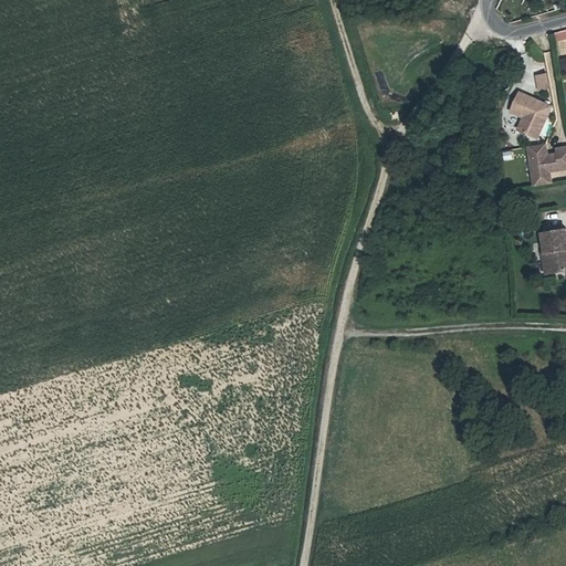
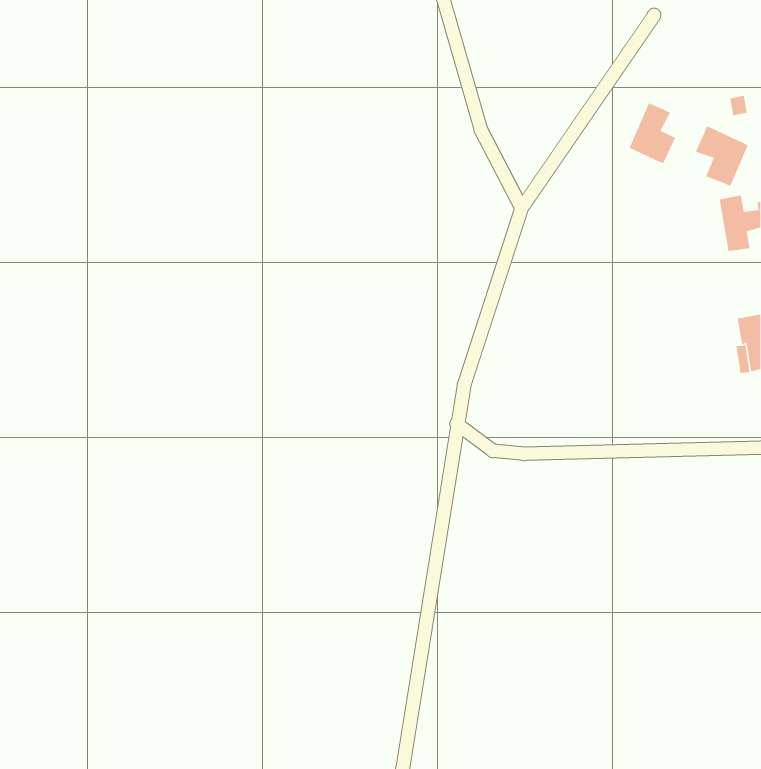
building: none -> [629,102,676,165]

